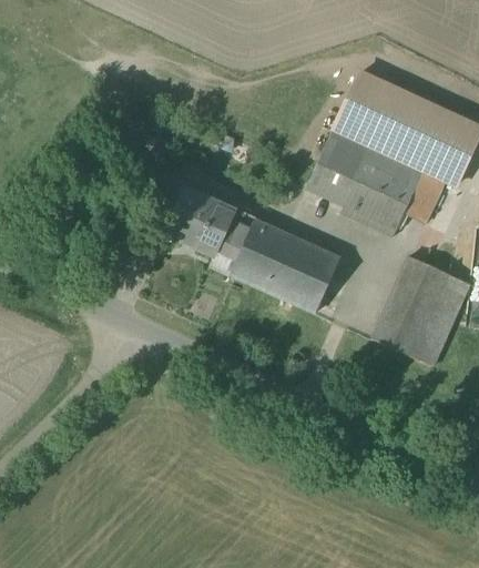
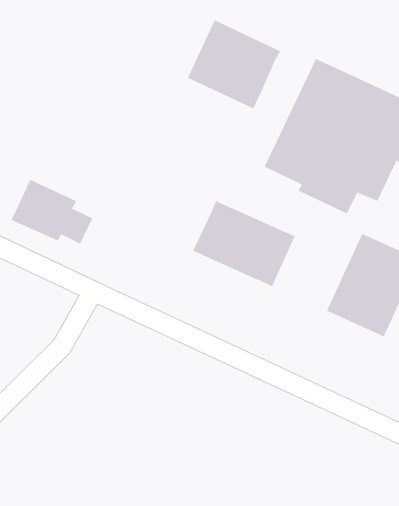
building: none -> [187,20,281,109]
building: [166,189,253,257] -> [11,179,93,244]

